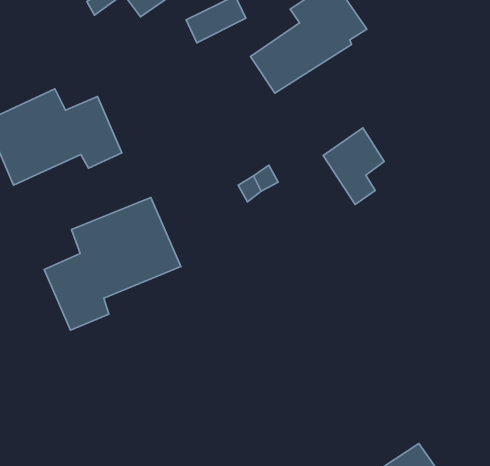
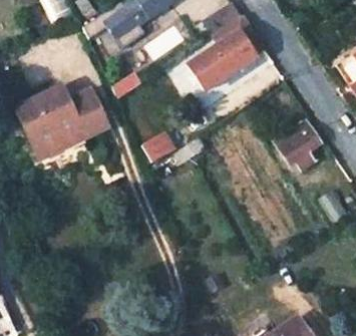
building: [323,128,384,204] -> [280,120,320,171]
building: [44,198,181,330] -> none

